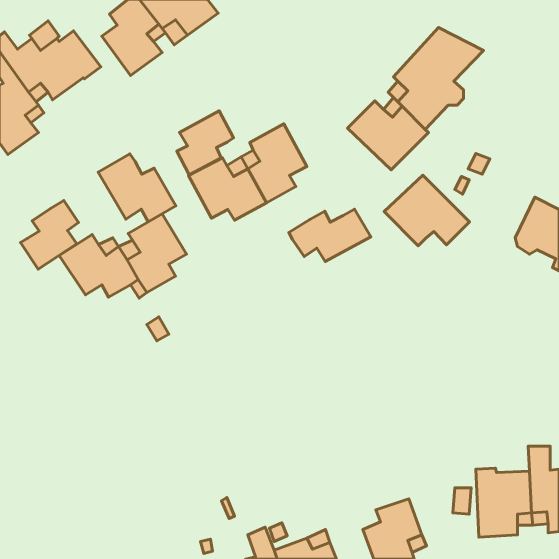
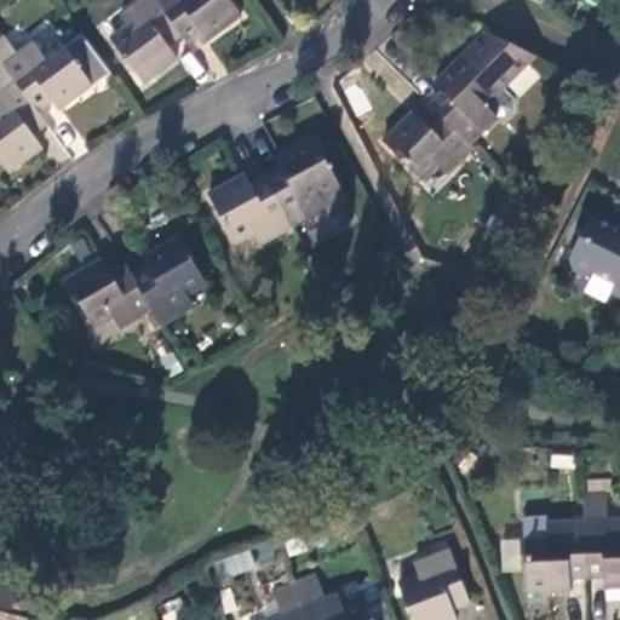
building: [177,111,234,175] -> none
building: [98,154,176,222] -> none
building: [384,175,469,246] -> none
building: [20,200,79,269] -> none
building: [289,209,371,262] -> none

